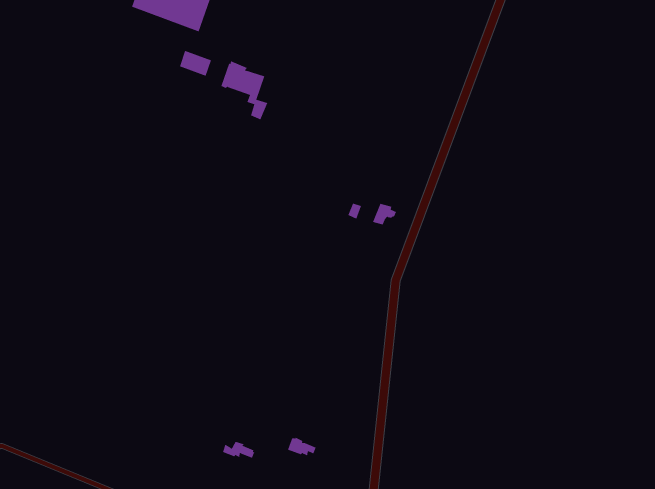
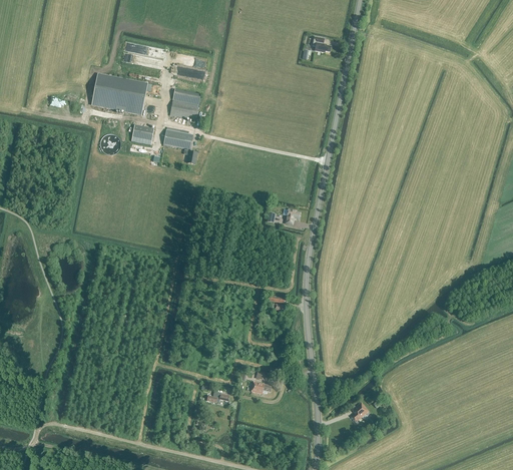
building: none -> [169,89,200,120]

